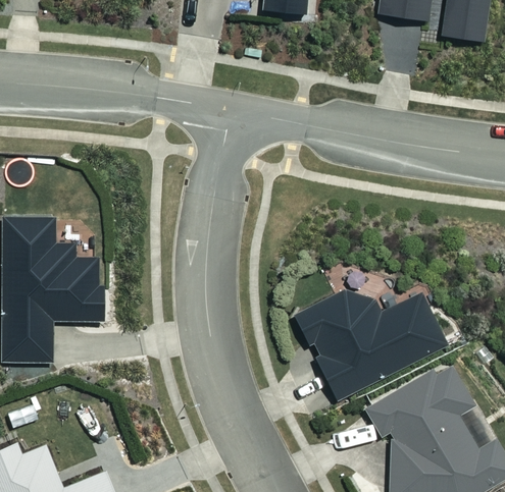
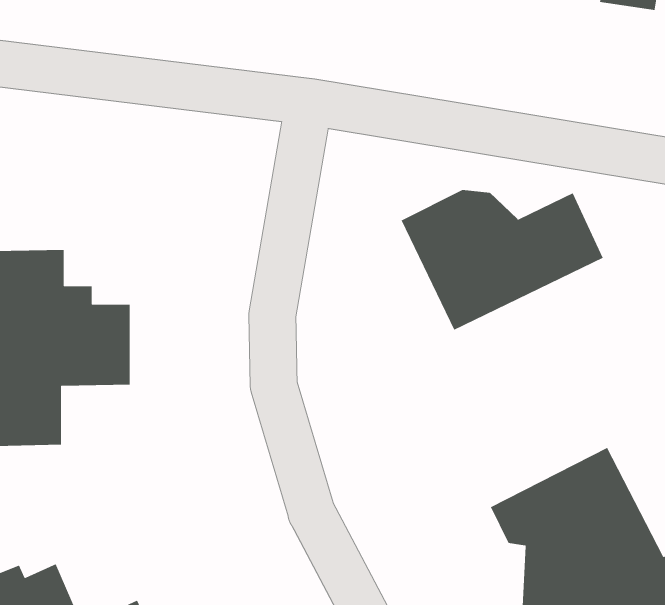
building: [295,289,443,392] -> [400,189,604,331]

